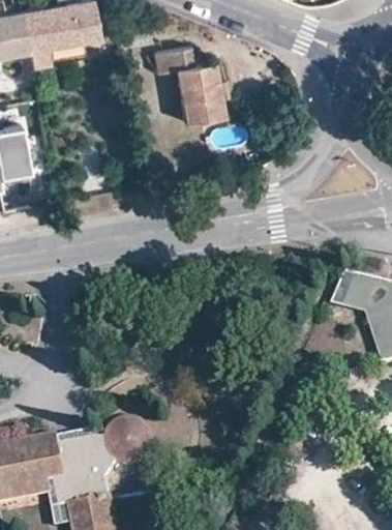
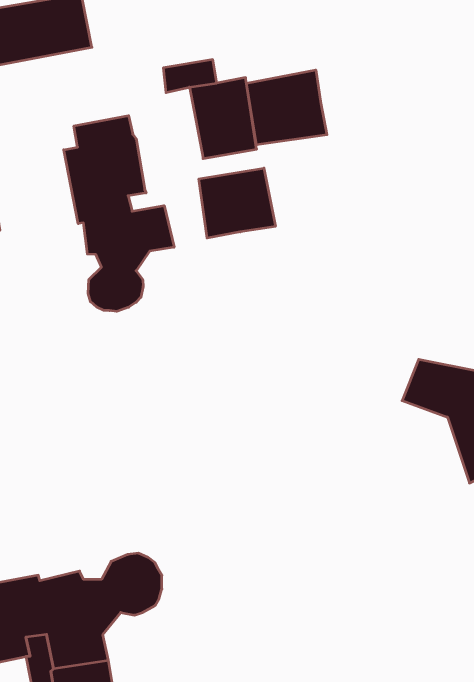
building: none -> [246,70,327,145]
building: none -> [64,116,174,311]
building: none -> [199,168,275,238]

